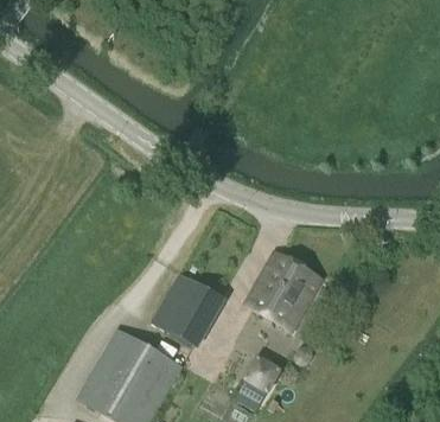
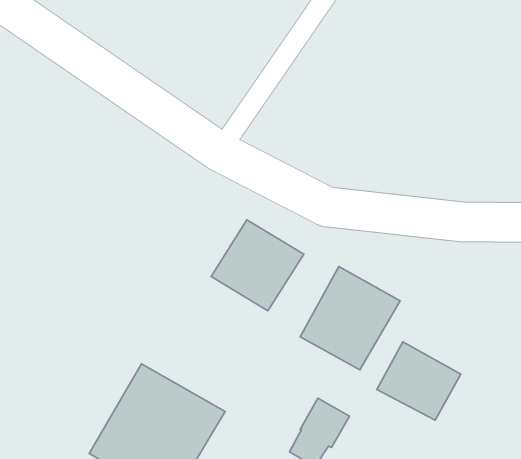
building: [151,276,224,349] -> [211,220,304,311]
building: none -> [377,342,461,420]

